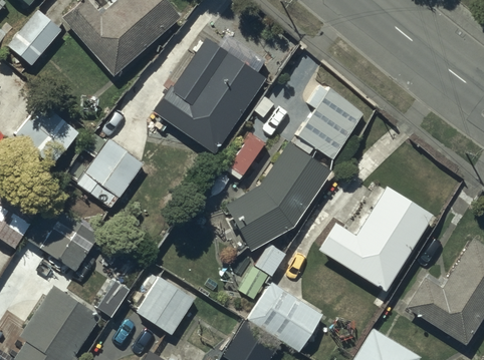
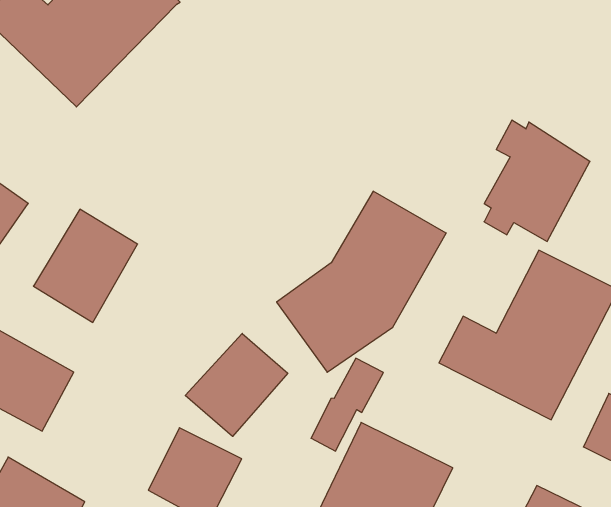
building: [154,39,266,176] -> none
building: [296,84,364,159] -> [484,120,590,241]
building: none -> [185,333,288,436]

